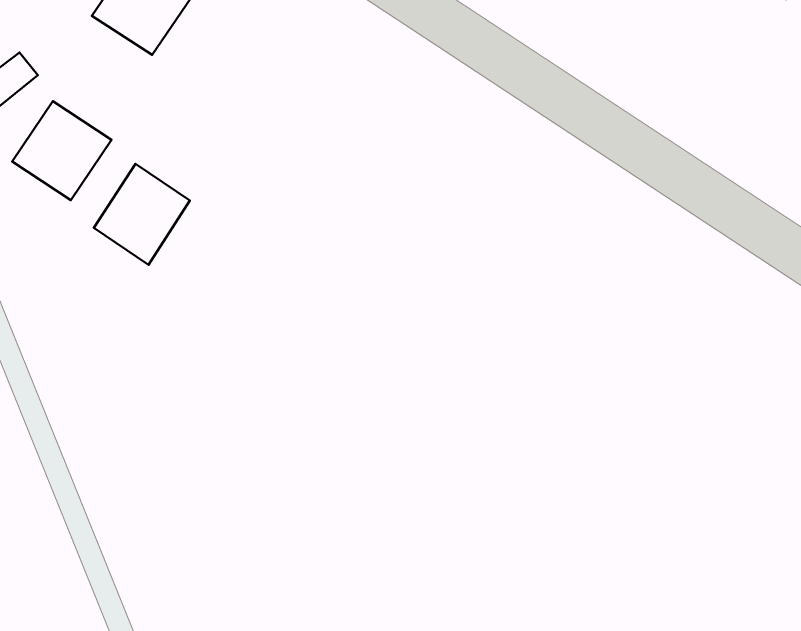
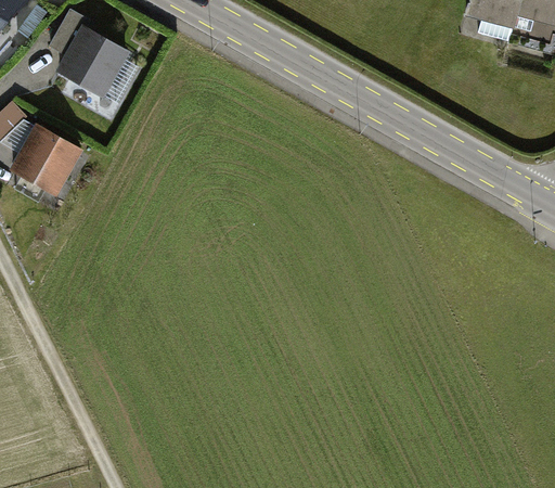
building: [94,164,190,265] -> none

